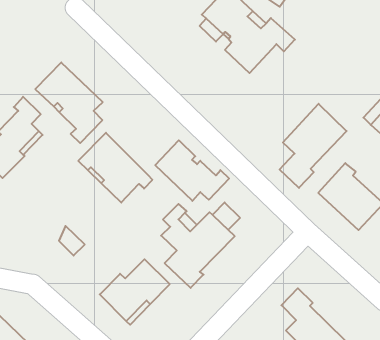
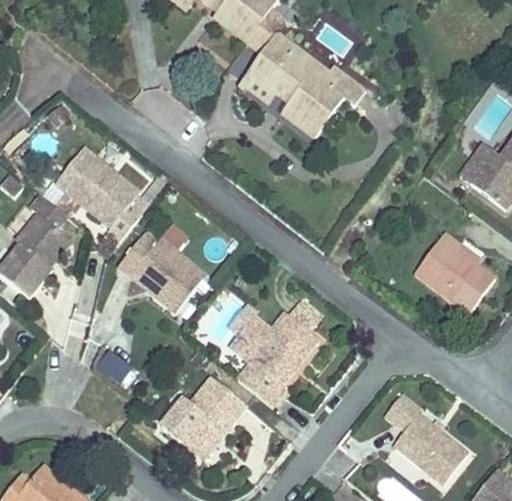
building: [280,104,347,188] -> none
building: [155,140,229,201] -> none

